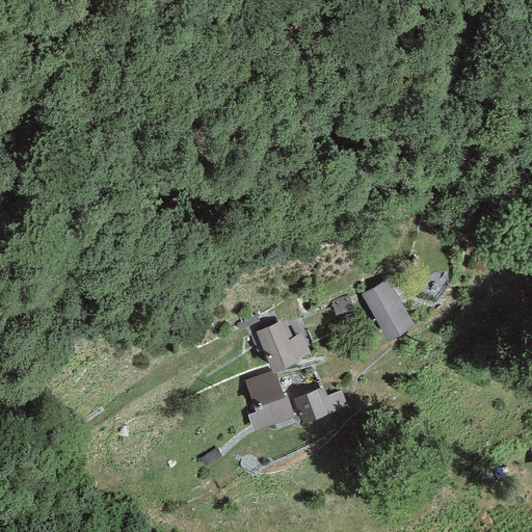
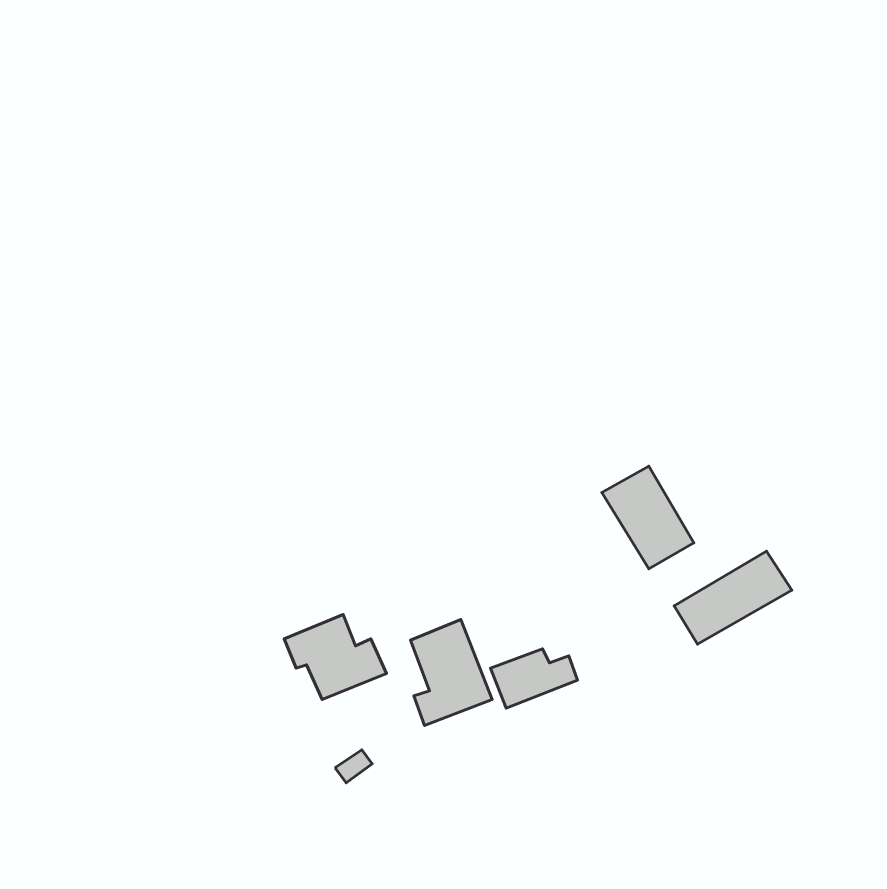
building: [250,319,312,370] -> [284,614,387,700]
building: none -> [674,551,792,644]

